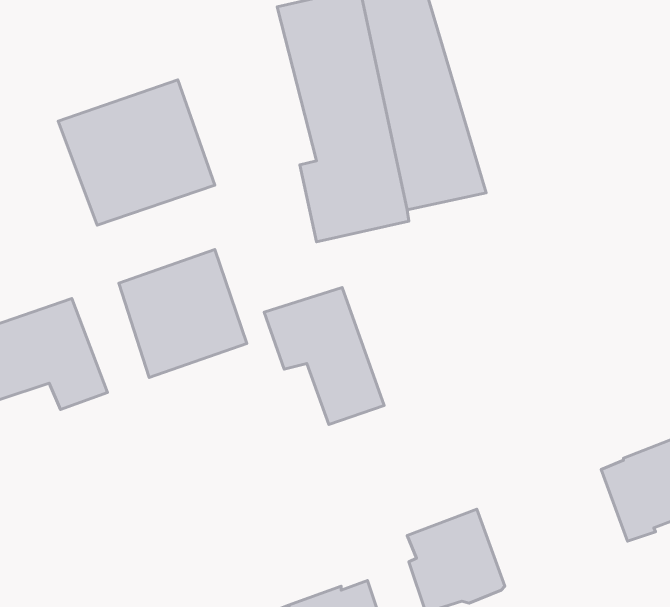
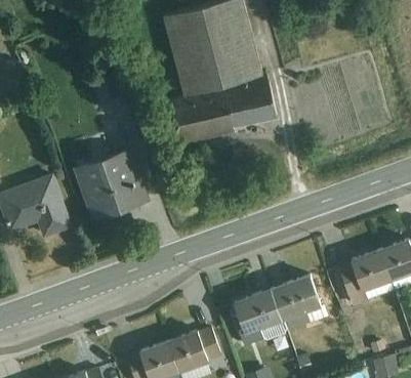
building: [58,80,215,225] -> none
building: [264,287,384,424] -> none
building: none -> [272,276,329,331]

